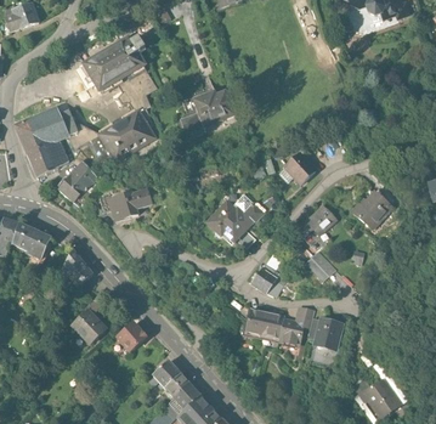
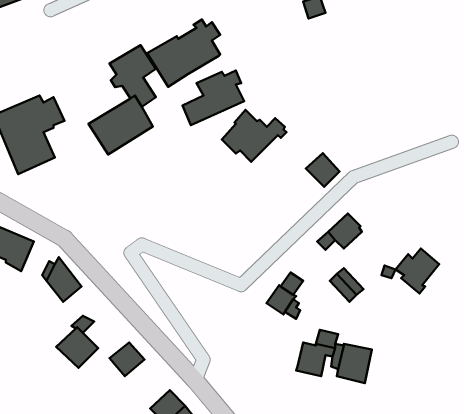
building: [81,32,145,90] -> [147,19,220,87]
building: [58,159,97,200] -> none
building: [109,190,152,221] -> none
building: [352,196,390,234] -> [396,249,439,293]
building: [203,199,259,244] -> [222,110,286,162]
building: [247,311,284,341] -> none

